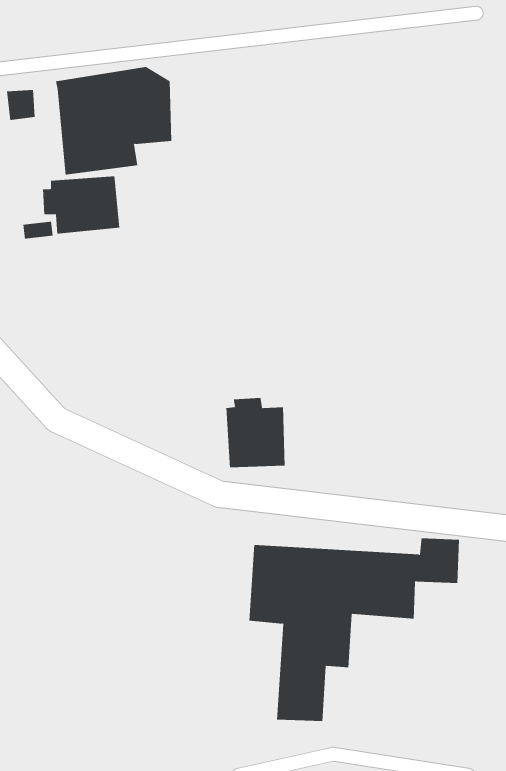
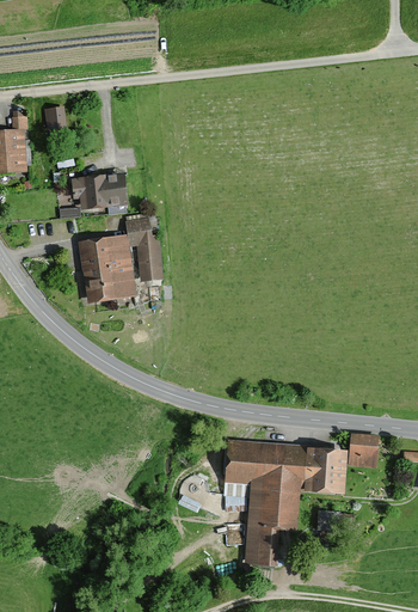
building: [55,66,172,175] -> [76,222,162,302]
building: [226,397,285,468] -> none

